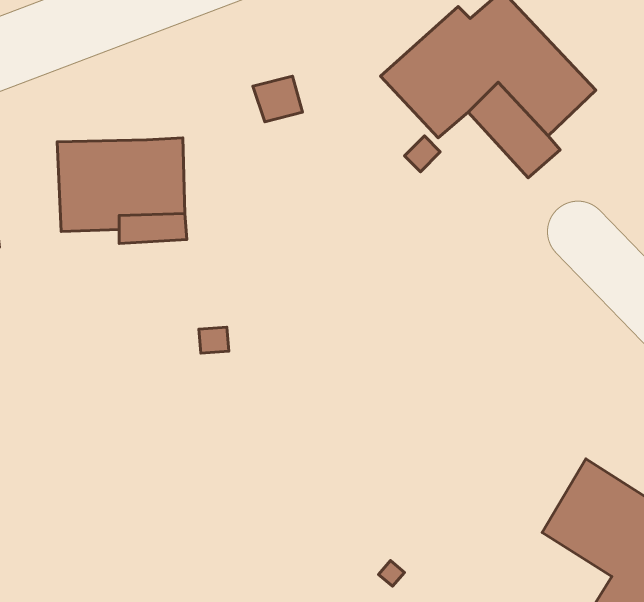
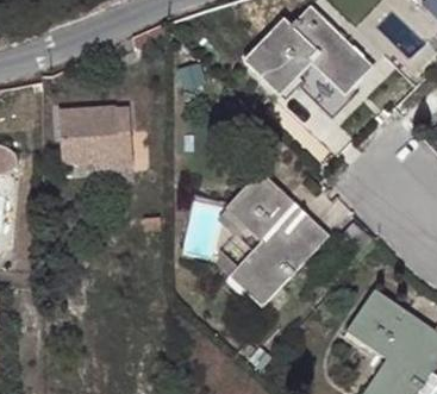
building: none -> [220,174,325,308]

